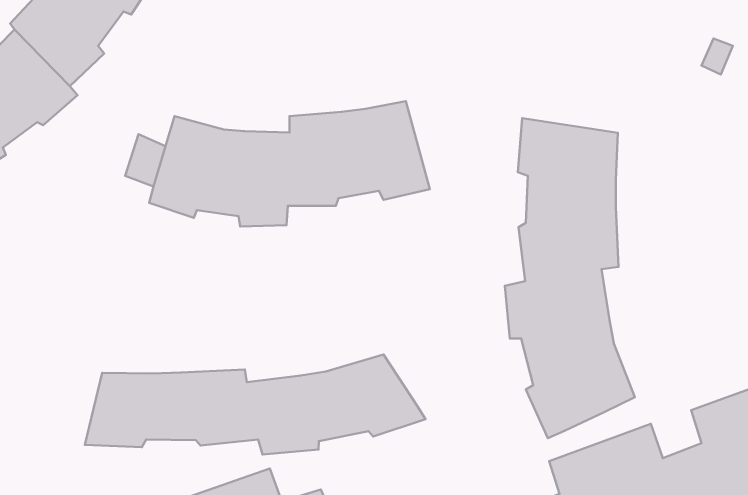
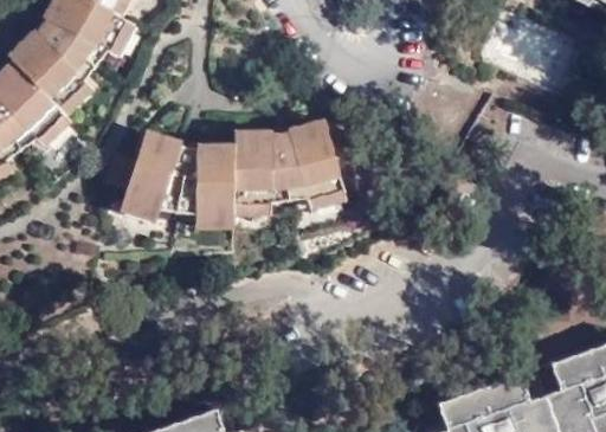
building: [505,118,635,438] -> none
building: [85,355,425,454] -> none

